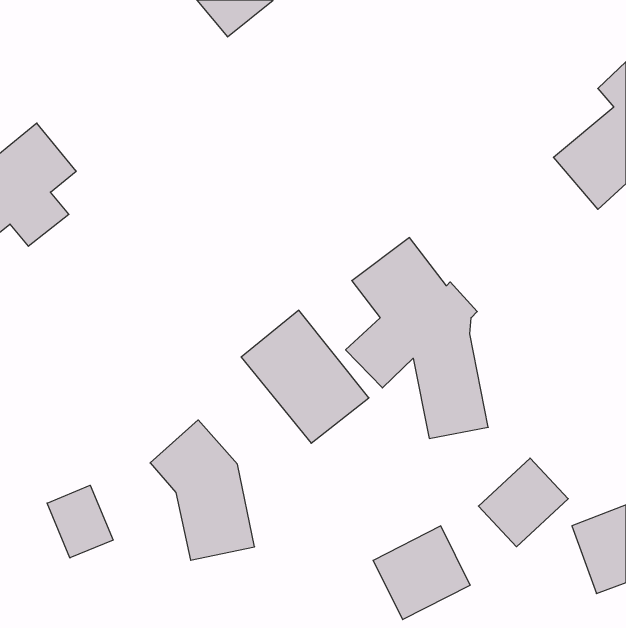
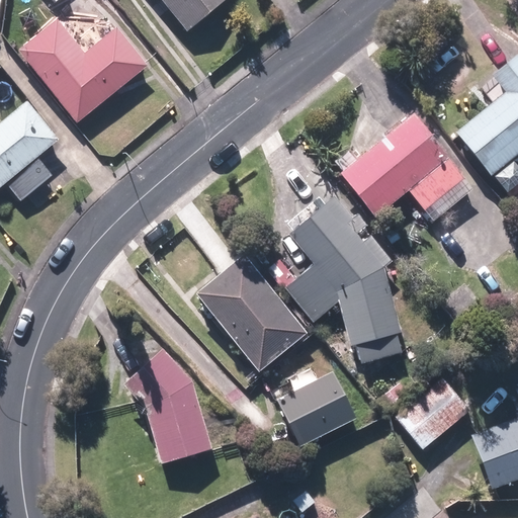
building: none -> [17,20,150,124]
building: none -> [341,110,478,221]
building: [47,485,113,558] -> none
building: [373,526,470,620] -> [276,369,356,446]

